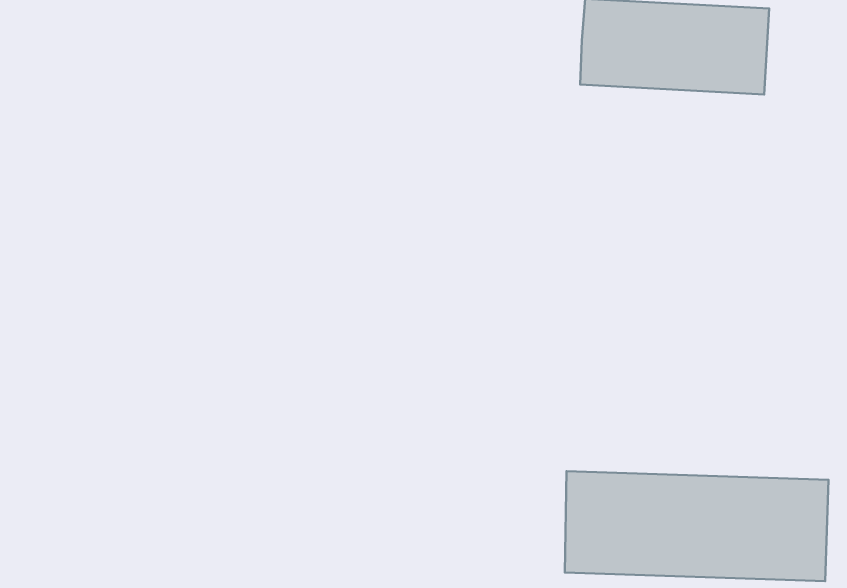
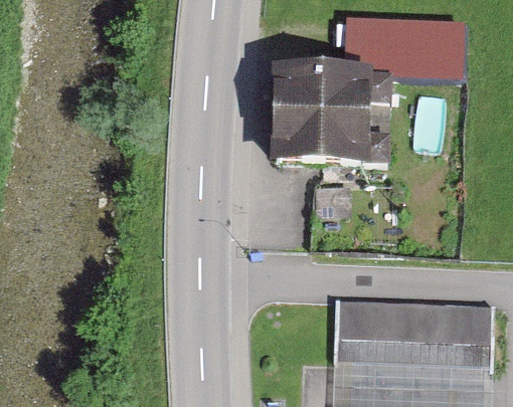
building: none -> [270,75,381,165]

